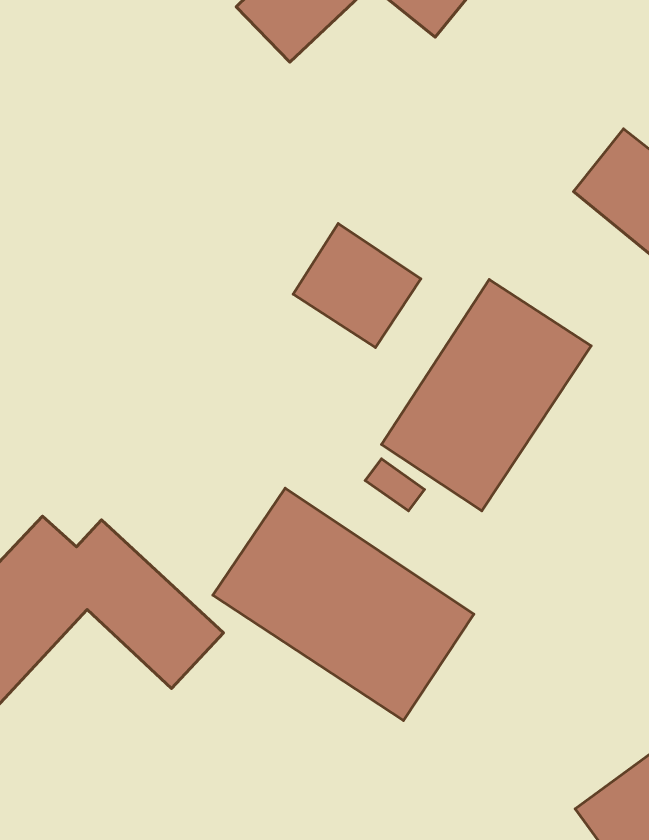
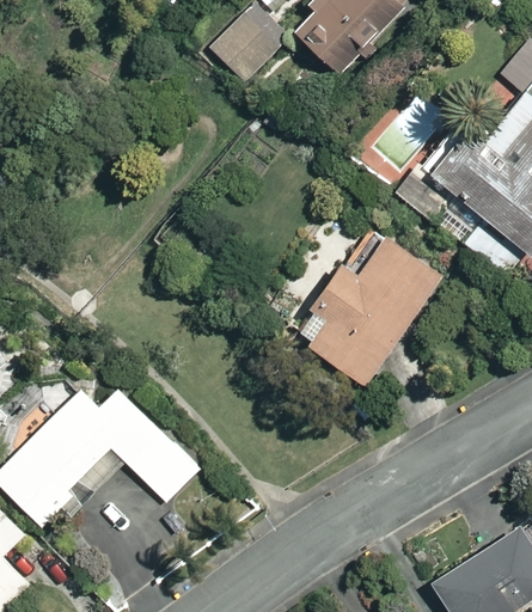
building: [293,224,421,347] -> none
building: [213,488,474,721] -> none

